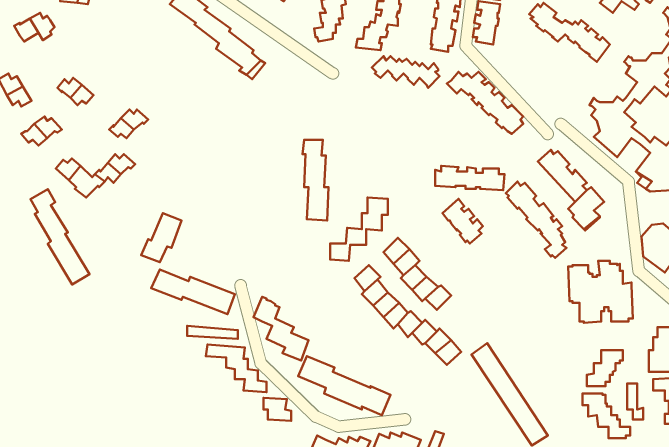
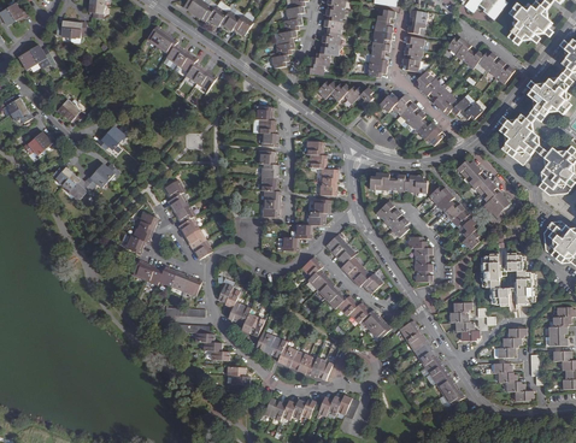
building: none -> [416,70,482,119]
building: none -> [253,105,278,146]
building: none -> [305,140,337,196]
building: [30,189,90,284] -> [163,179,212,259]
building: none -> [407,236,430,282]
building: none -> [449,301,478,338]

